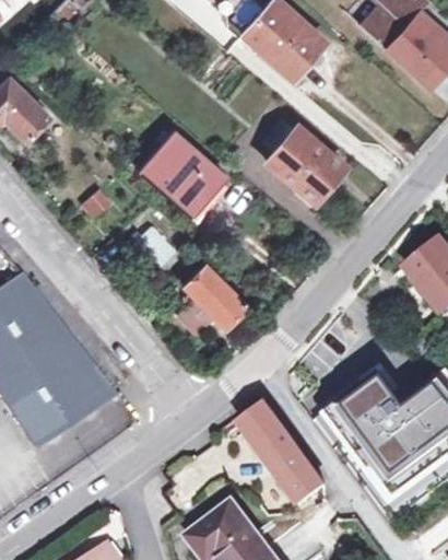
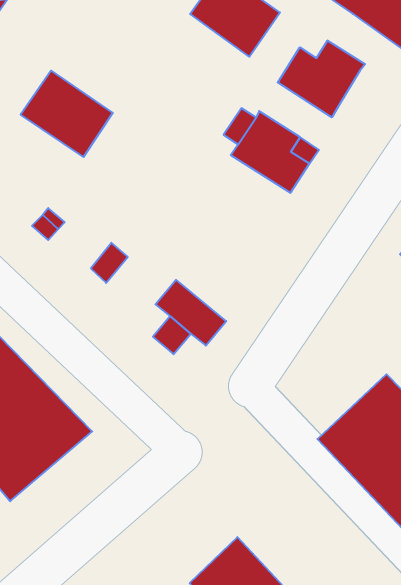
building: none -> [278,40,365,117]
building: [144,133,226,213] -> [21,71,113,157]
building: [238,404,325,504] -> none

